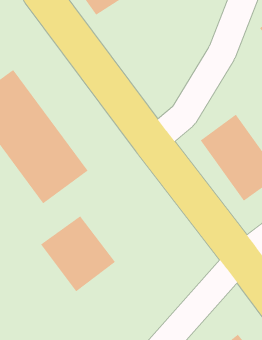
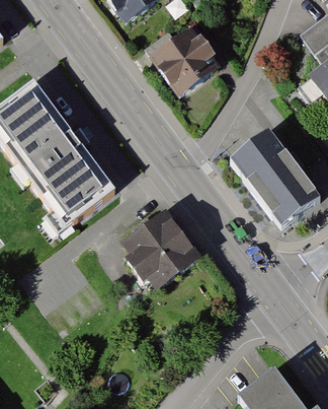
building: none -> [143,24,210,90]
building: [40,215,116,292] -> [118,204,202,289]

